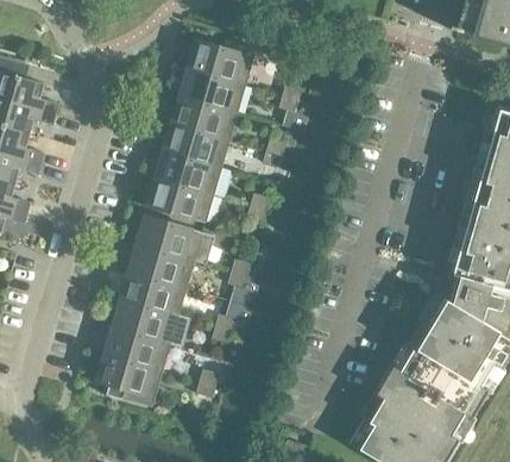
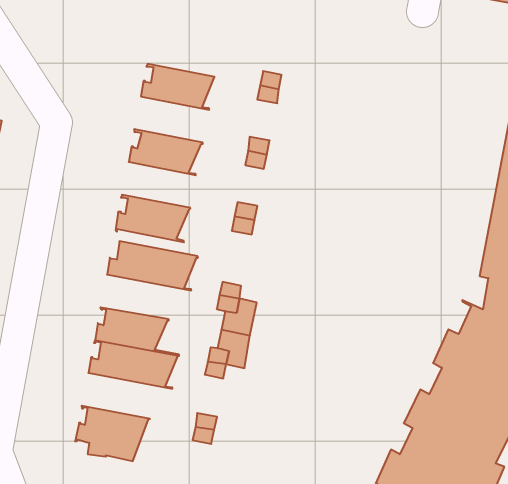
building: [188,39,254,85] -> none
building: [171,95,237,139] -> none
building: [156,150,220,194] -> none
building: [128,244,207,287] -> none
building: [105,326,183,370] -> none

